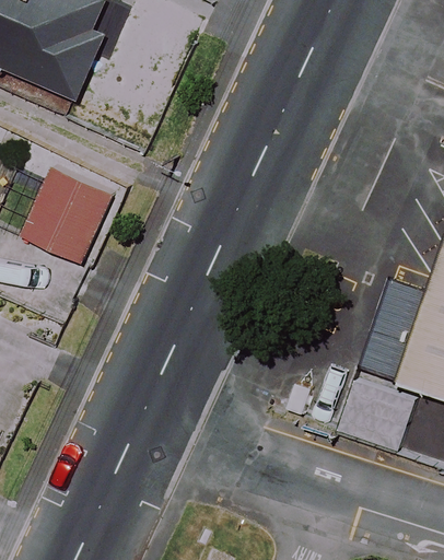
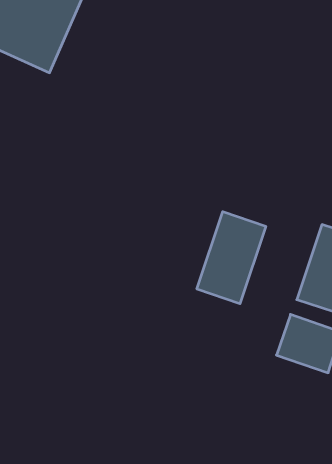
building: [21,168,112,262] -> none
building: none -> [197,212,266,304]

